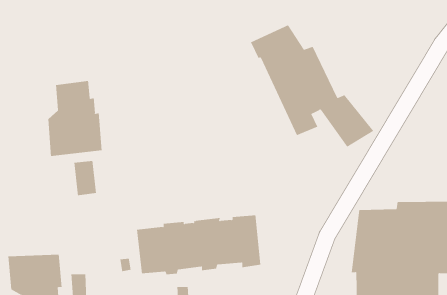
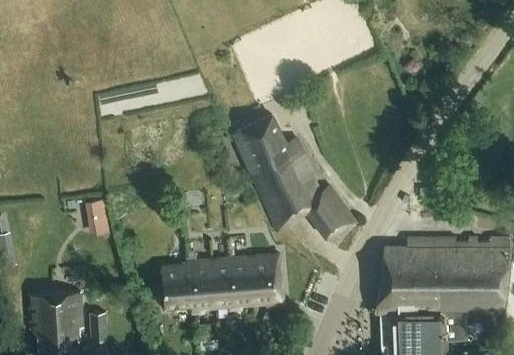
building: [250,24,374,148] -> [232,115,358,241]
building: [48,80,102,157] -> none

